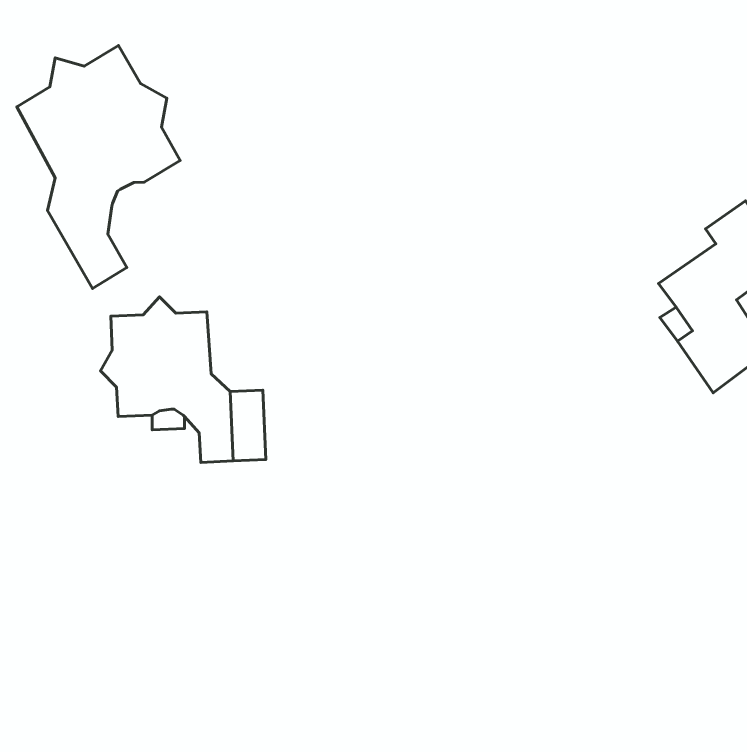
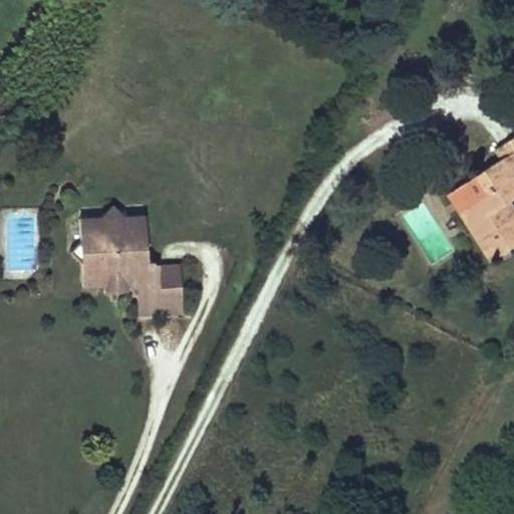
building: [17,45,180,288] -> none

